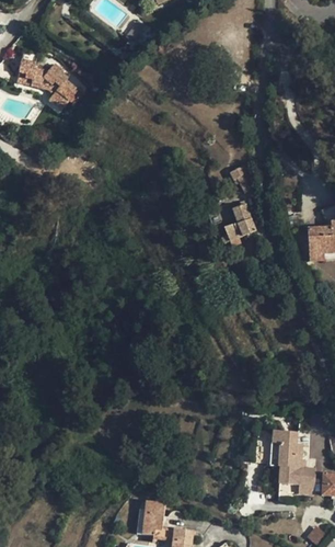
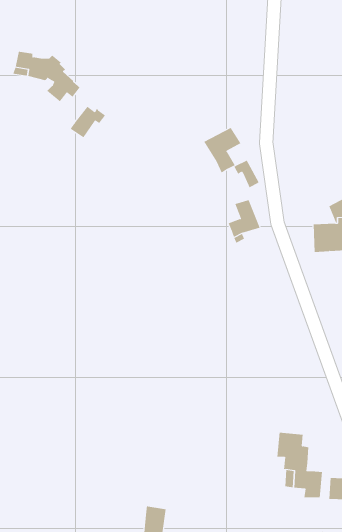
building: none -> [70,106,106,138]
building: none -> [204,127,241,173]

